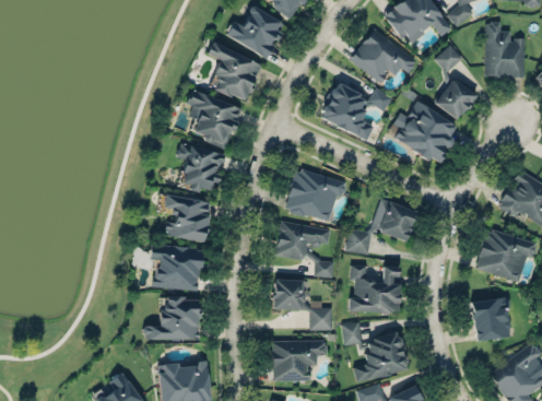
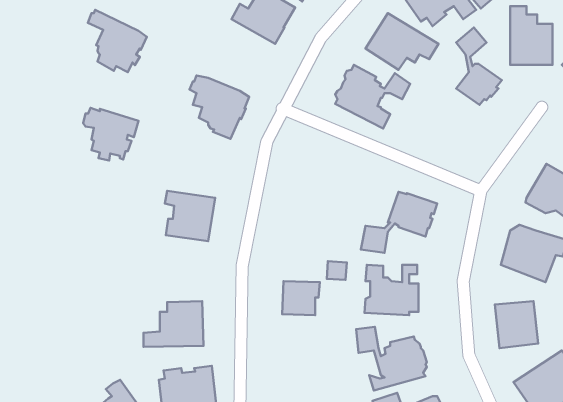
building: [208,39,262,97] -> [88,10,147,72]
building: [394,99,455,162] -> none
building: [176,142,227,191] -> [83,108,139,161]
building: [285,170,342,224] -> none
building: [275,223,330,262] -> none
building: [151,244,204,288] -> none
building: [309,308,332,332] -> none
building: [272,341,328,382] -> none

